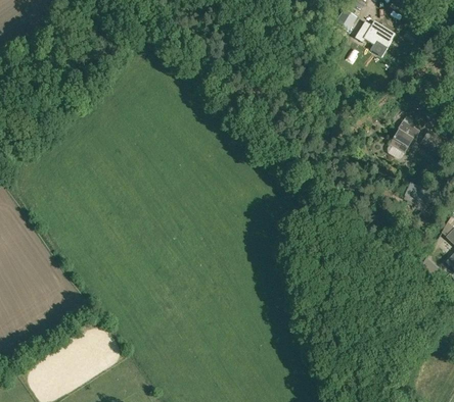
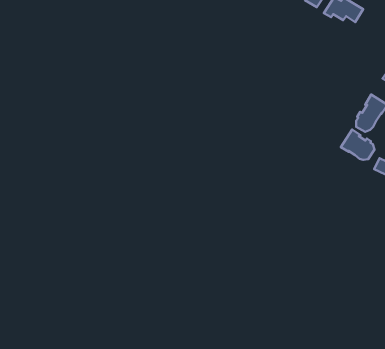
building: none -> [341,129,375,160]

